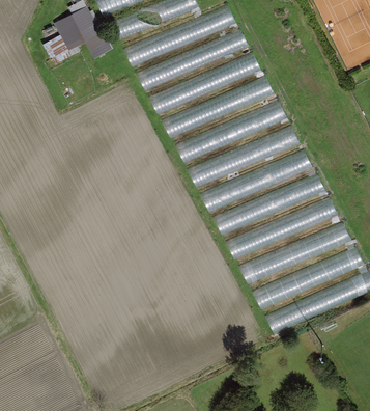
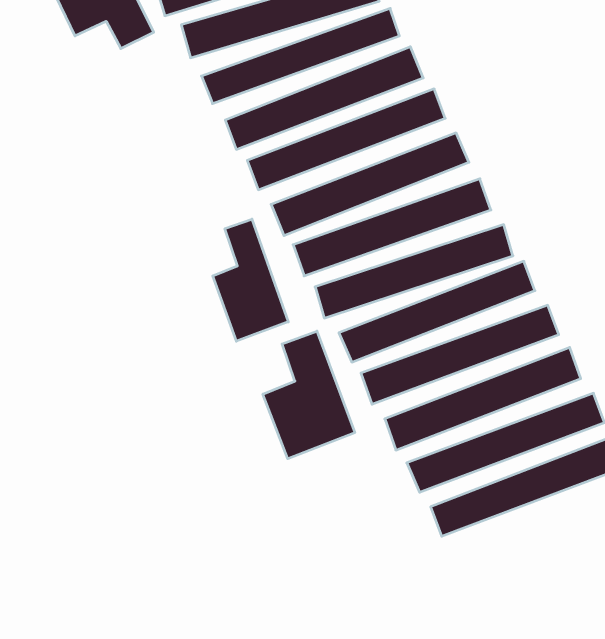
building: none -> [213,219,288,341]
building: none -> [263,331,355,459]

